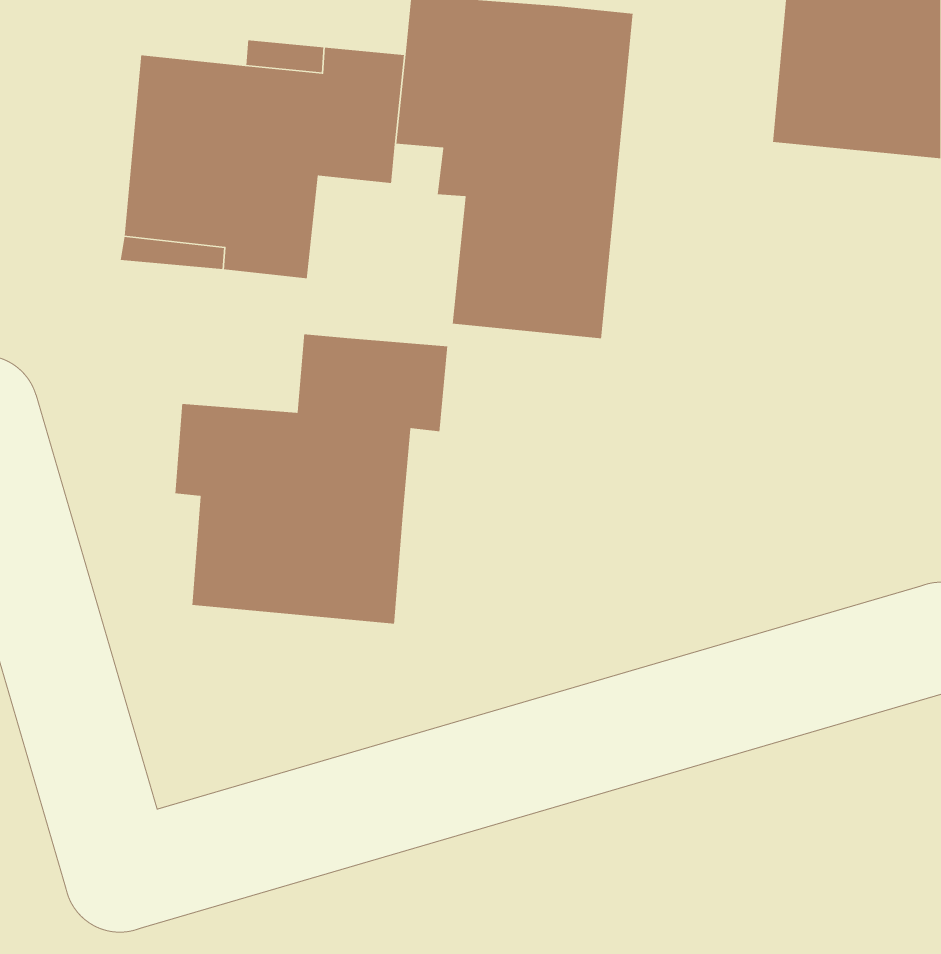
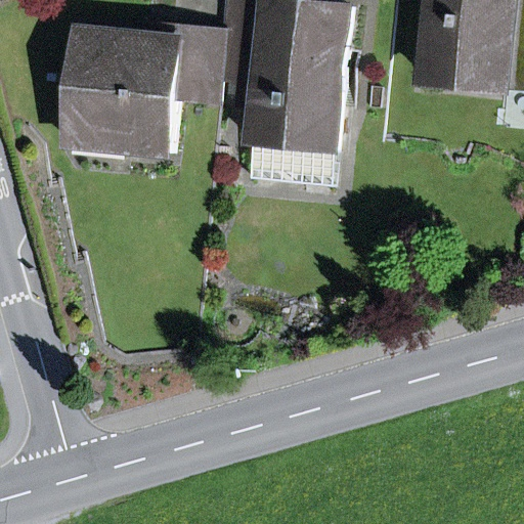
building: [175,333,448,625] -> none

